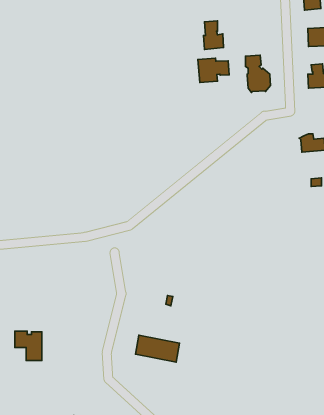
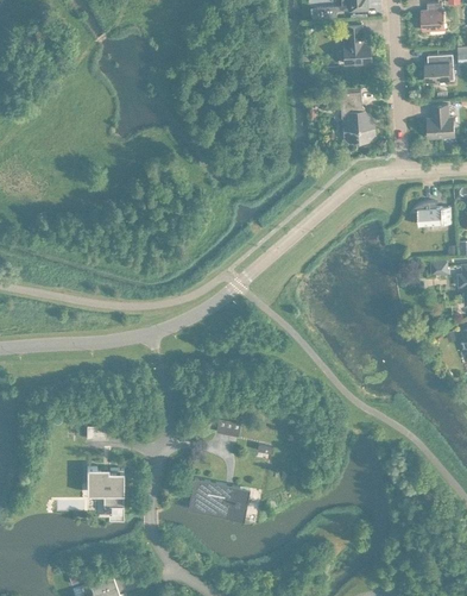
building: [204,21,224,49] -> [343,24,371,63]
building: [198,58,229,82] -> none
building: [15,331,42,360] -> [88,466,125,507]

